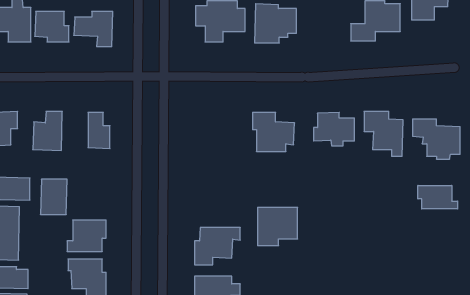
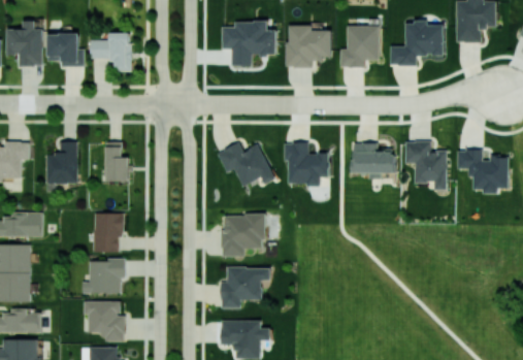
building: none -> [340,26,380,67]
building: none -> [218,142,275,186]
building: [40,179,67,214] -> [93,214,122,252]
building: [418,185,458,209] -> none
building: [258,207,298,246] -> [222,215,265,256]

